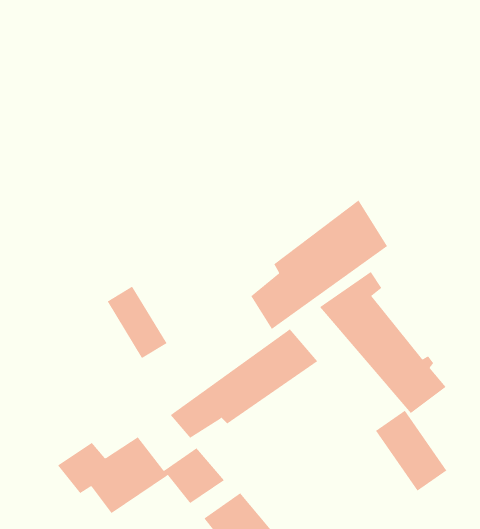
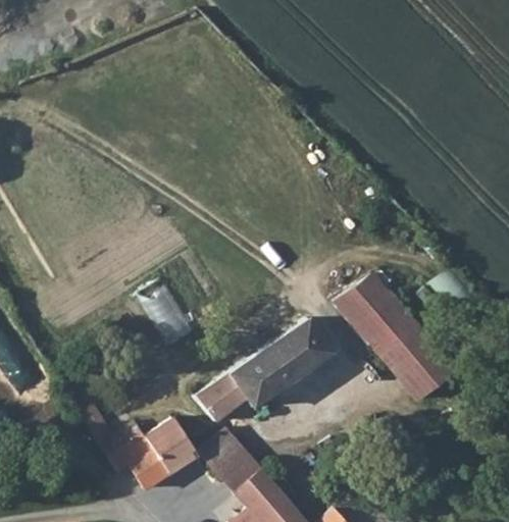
building: [251,199,388,330] -> none
building: [375,410,447,492] -> none

